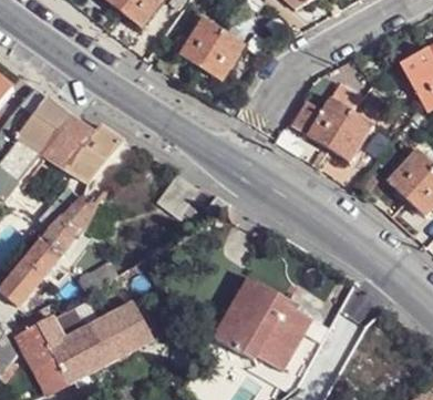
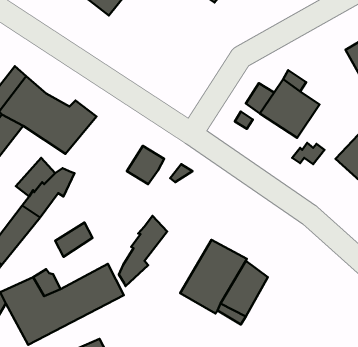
building: [177,20,241,85] -> none
building: none -> [119,216,167,286]

